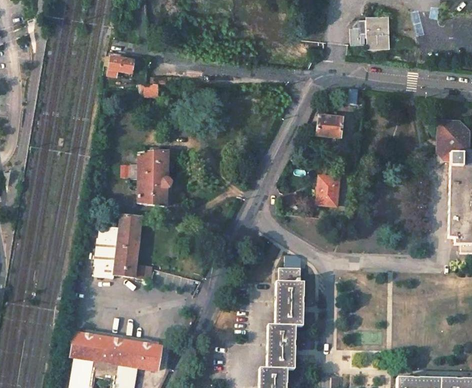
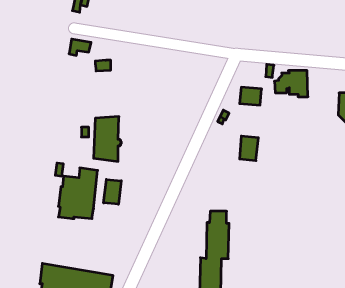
building: [348,16,389,48] -> [274,71,308,97]
building: none -> [104,179,121,204]

